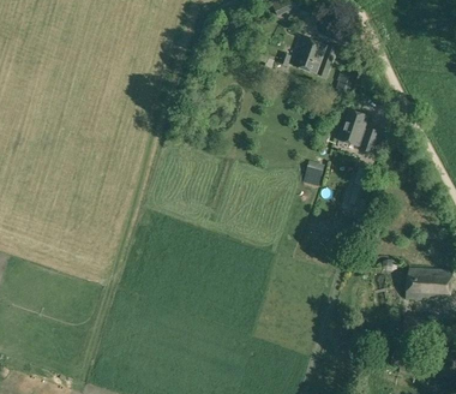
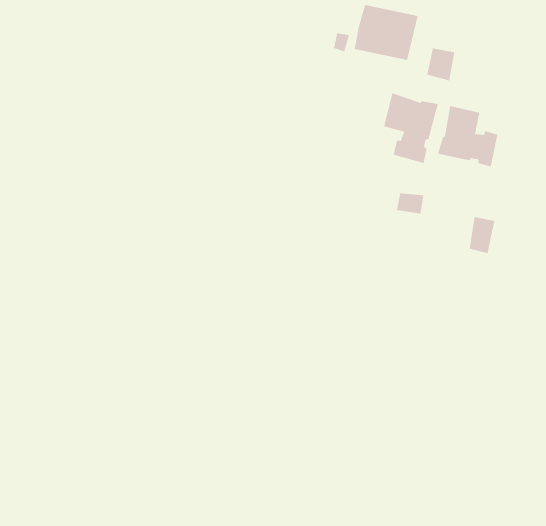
building: none -> [383,93,439,164]

